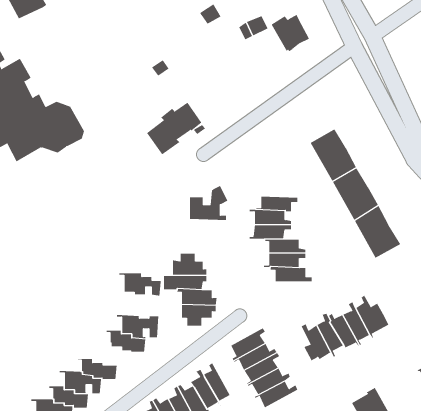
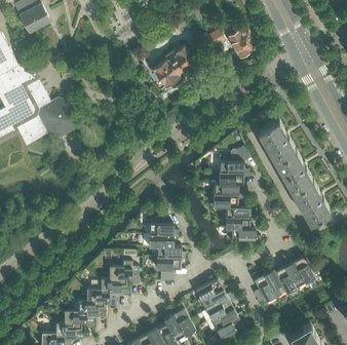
building: [146,102,202,155] -> [152,46,196,88]
building: [189,185,228,220] -> [219,146,249,174]
building: [119,273,161,296] -> [82,289,116,307]

